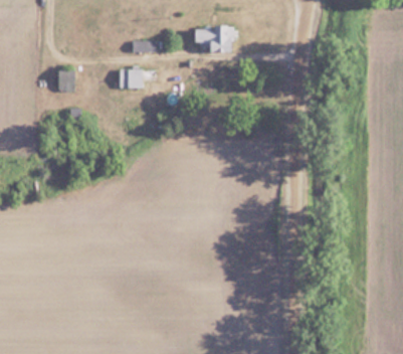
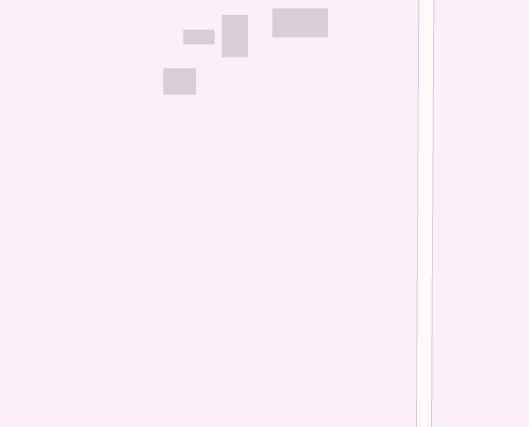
building: none -> [221,14,249,58]
building: [56,70,75,94] -> none

